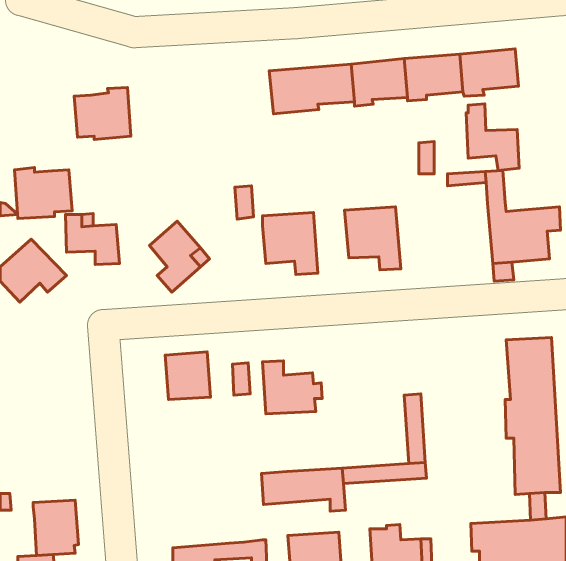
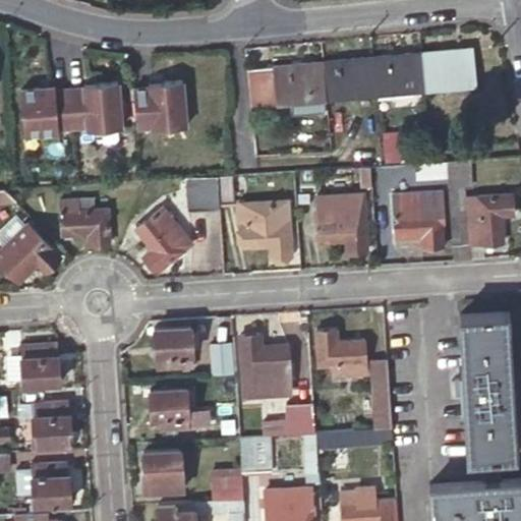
building: none -> [133,82,185,130]
building: [466,104,519,170] -> [394,187,443,248]
building: [15,168,72,219] -> [18,91,71,137]
building: none -> [185,176,218,213]
building: none -> [314,332,366,379]
building: none -> [20,346,62,387]
building: none -> [151,390,191,431]
building: none -> [20,404,73,447]
building: none -> [263,404,314,438]
building: none -> [143,452,184,494]
building: none -> [209,474,241,504]

